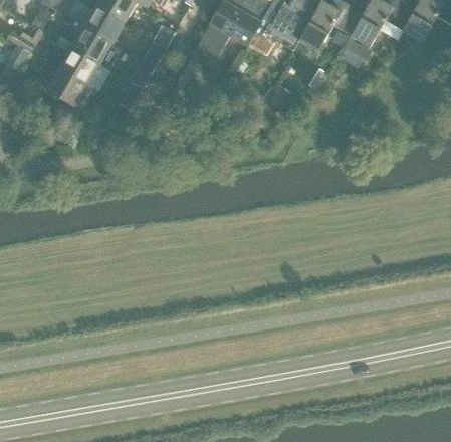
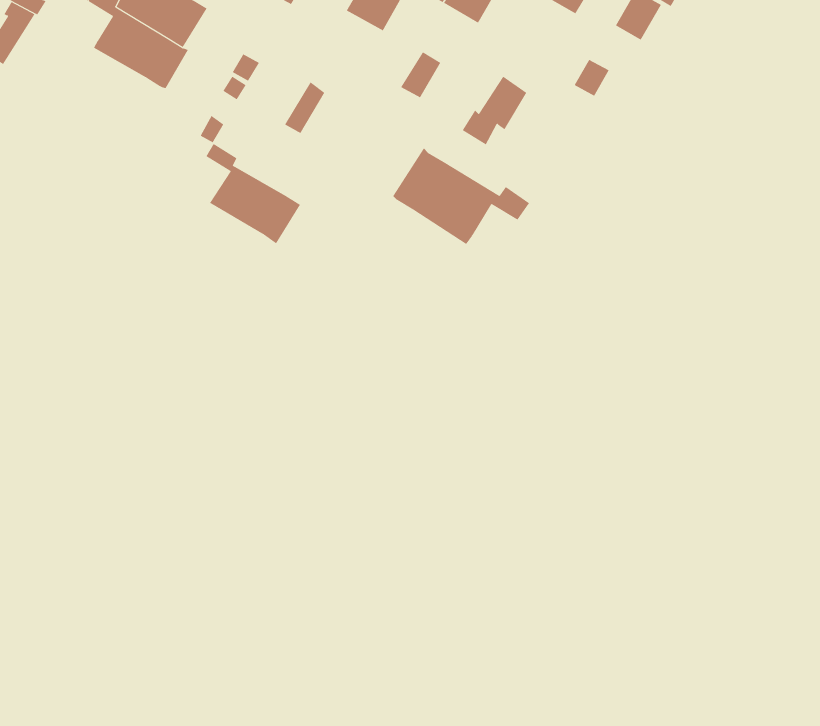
building: [43,57,94,112] -> [206,143,301,244]
building: none -> [392,147,530,245]

